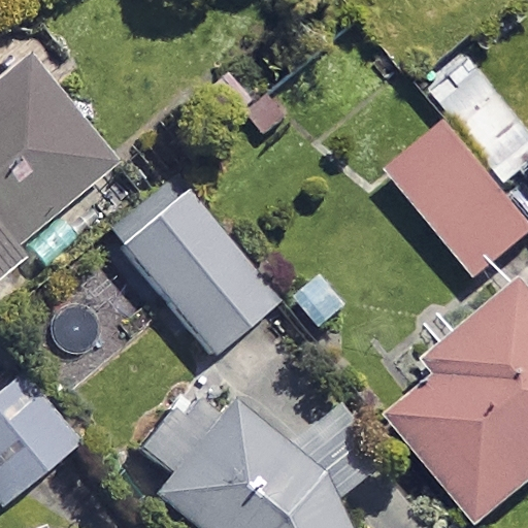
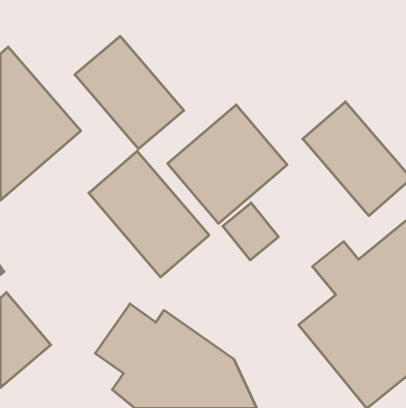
building: none -> [75,36,184,149]
building: none -> [168,105,287,223]

